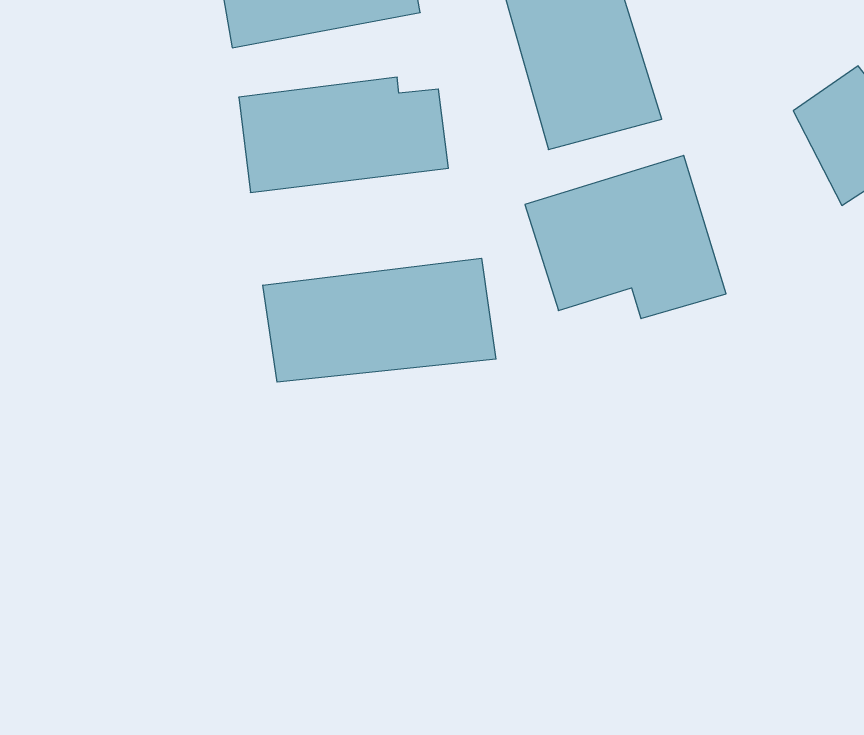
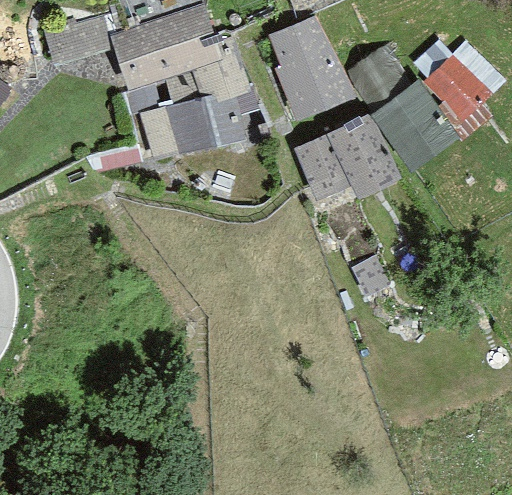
building: none -> [372,78,462,169]
building: [263,258,496,382] -> none

